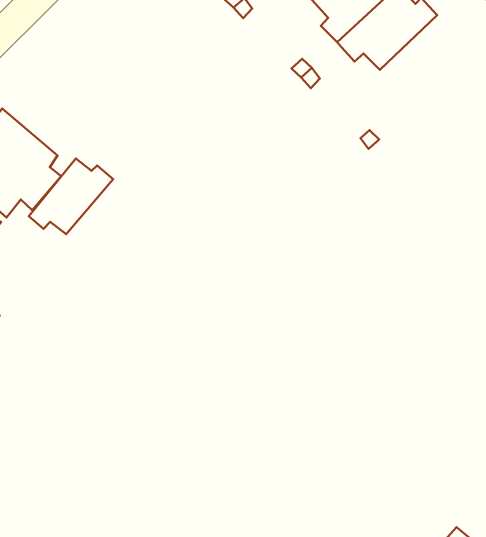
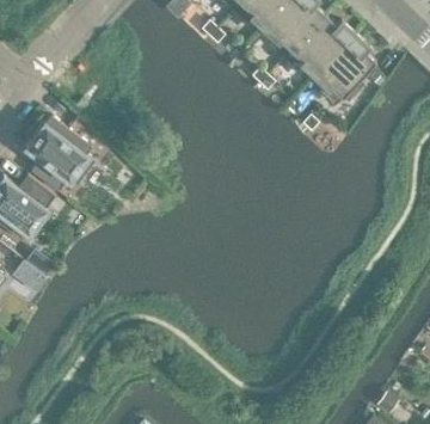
building: none -> [314,32,375,104]
building: [29,158,113,234] -> none

